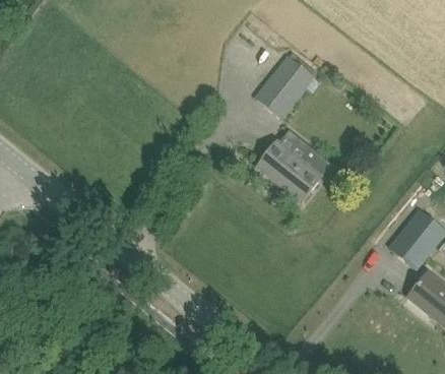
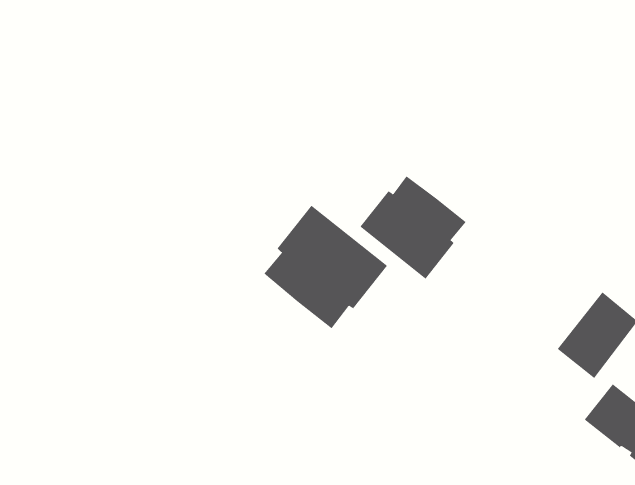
building: [253,56,311,118] -> none
building: none -> [264,205,388,329]

